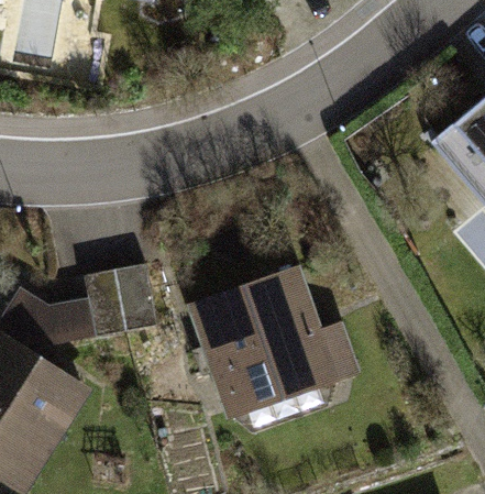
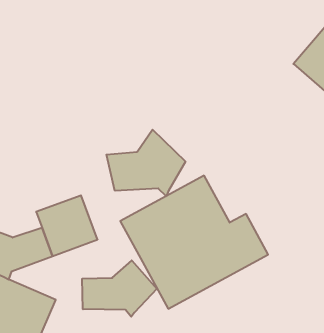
building: none -> [106,130,185,196]
building: none -> [82,260,157,317]

